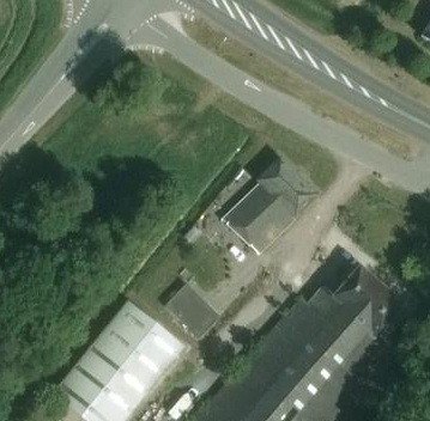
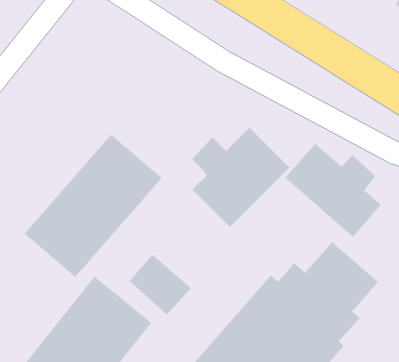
building: none -> [24,134,162,278]
building: none -> [285,143,382,238]

